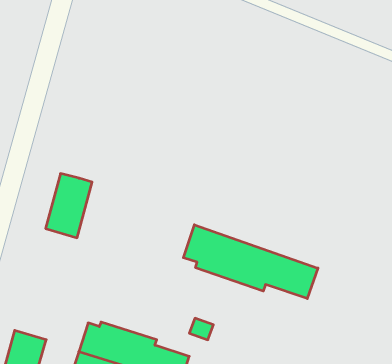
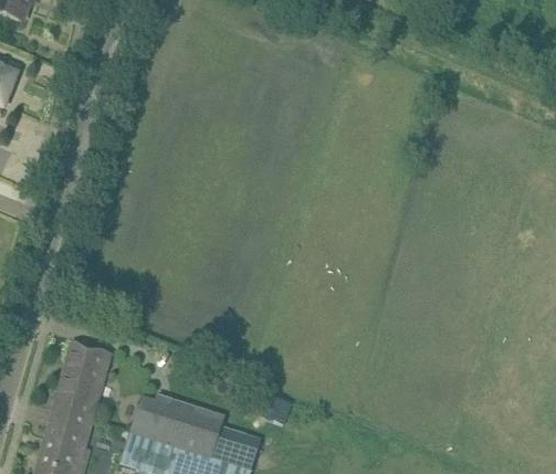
building: [46,174,92,238] -> [54,341,109,418]
building: [183,225,318,299] -> none

